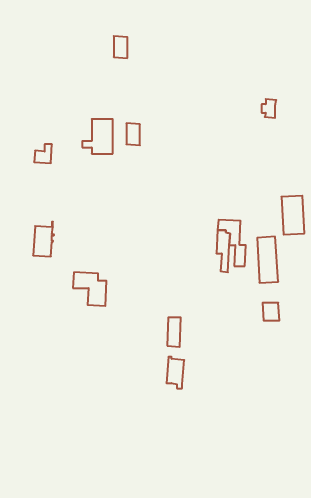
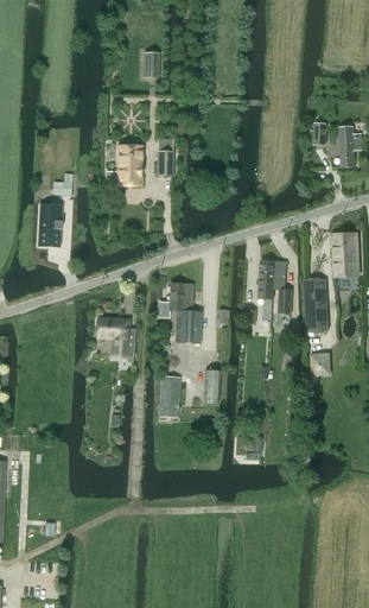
building: none -> [339,127,361,167]
building: [33,222,54,256] -> [38,207,62,246]
building: none -> [170,283,202,343]
building: [166,357,184,388] -> [160,374,180,410]

